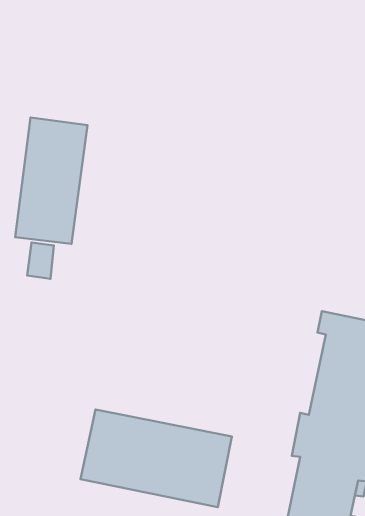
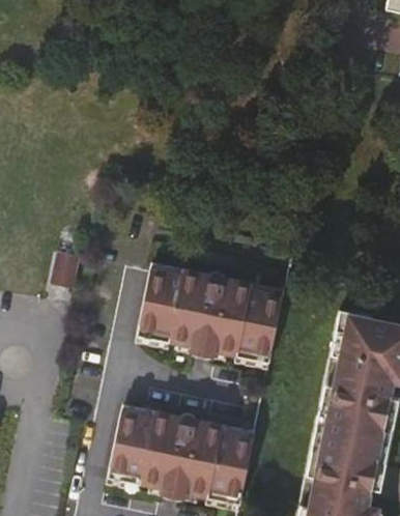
building: [15,117,87,244] -> none
building: none -> [135,267,280,361]

